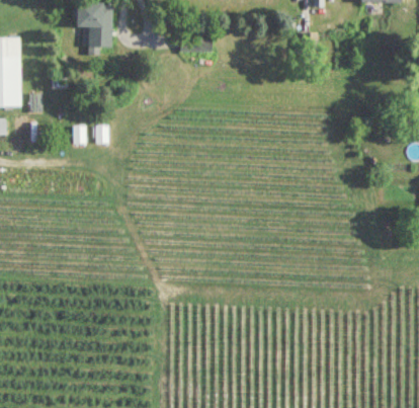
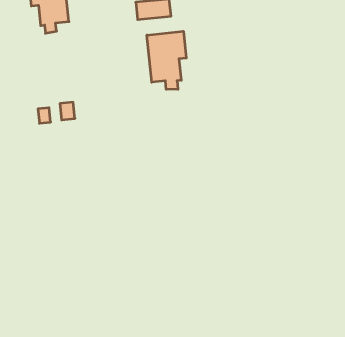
building: none -> [147,31,186,89]

